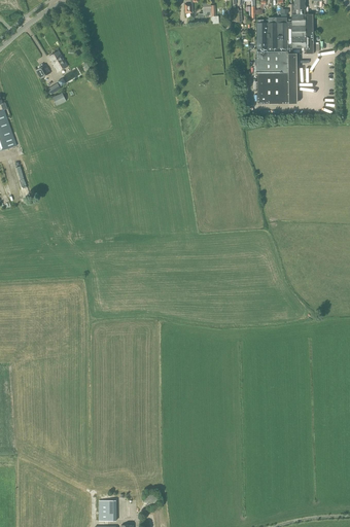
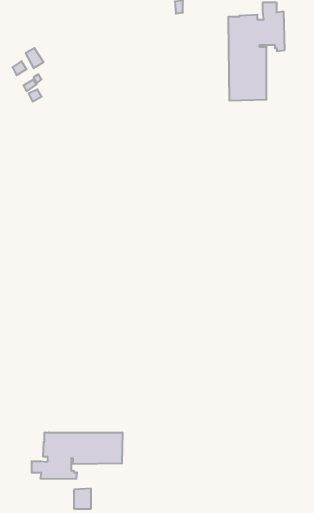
building: none -> [32,432,122,479]

